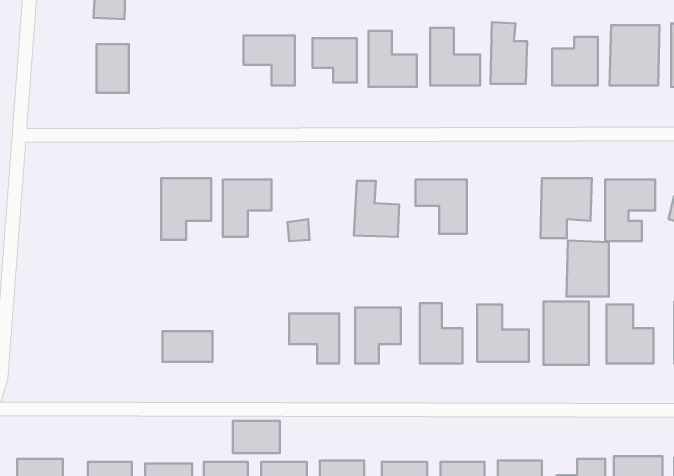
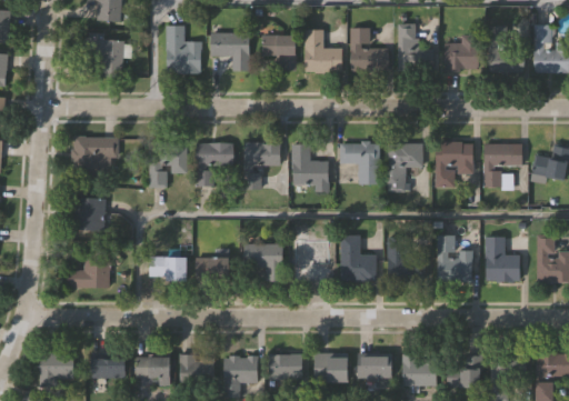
building: none -> [166,26,200,73]
building: none -> [73,137,117,177]
building: none -> [248,142,280,166]
building: [566,241,609,297] -> [389,143,421,186]
building: none -> [74,198,104,230]
building: none -> [70,252,109,288]
building: [233,421,280,453] -> [194,257,230,281]

